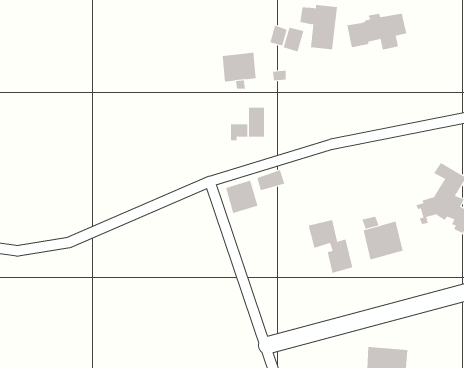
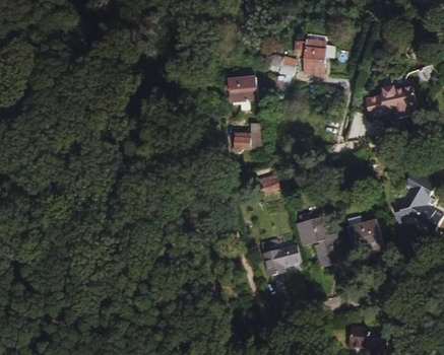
building: [346,13,407,50] -> [364,87,416,119]
building: [225,180,258,214] -> none
building: none -> [263,244,301,275]

